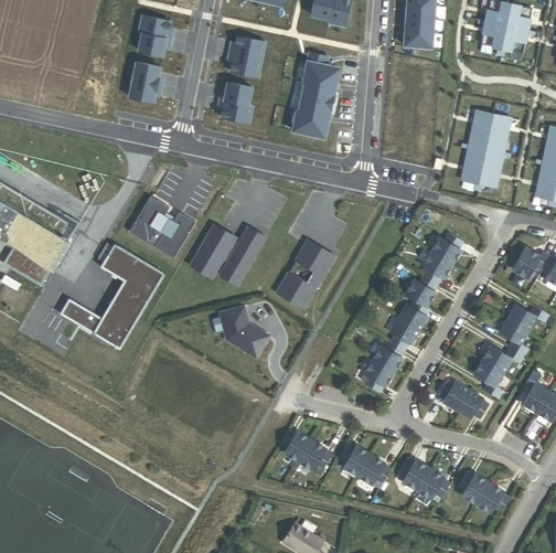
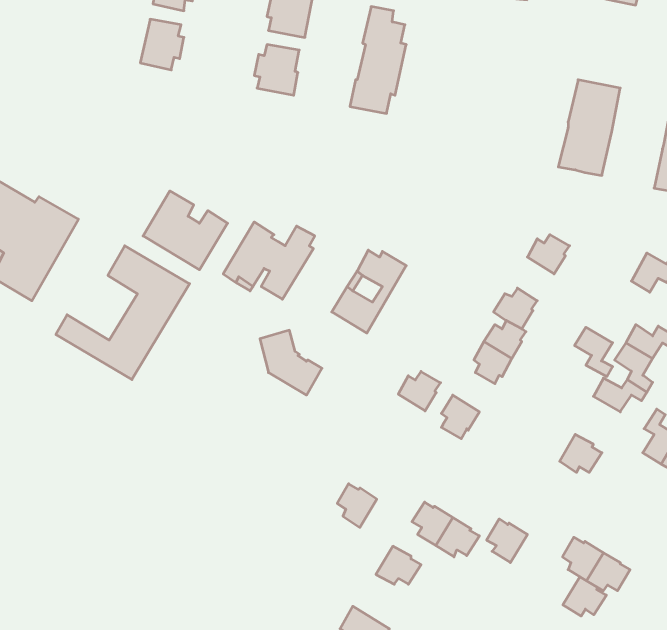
building: [423,251,452,285] -> none
building: [373,341,406,372] -> [398,371,441,411]
building: [474,360,504,398] -> [575,327,613,376]
building: [438,379,469,411] -> none
building: [300,440,335,470] -> [376,546,421,584]
building: [418,468,452,499] -> [563,577,606,616]

